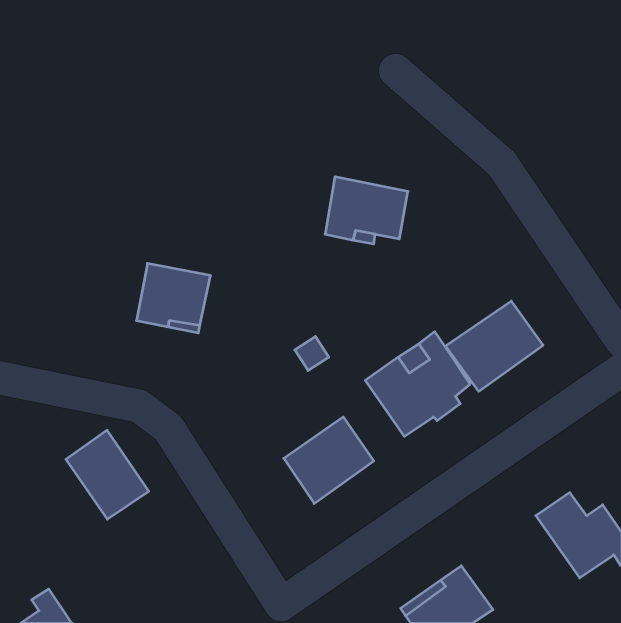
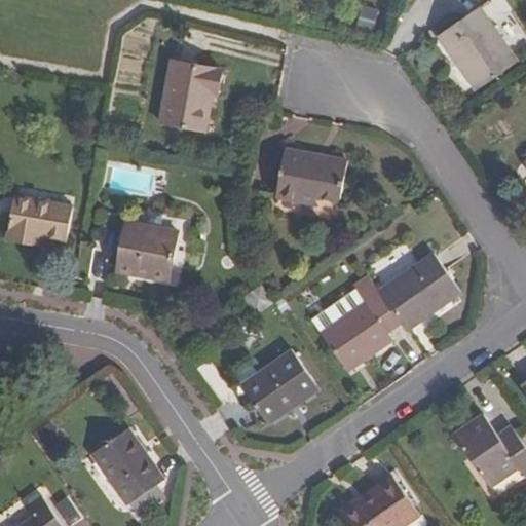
building: none -> [437,8,516,90]
building: none -> [159,63,221,133]
building: none -> [5,196,72,245]
building: [66,430,149,519] -> [91,429,161,504]

